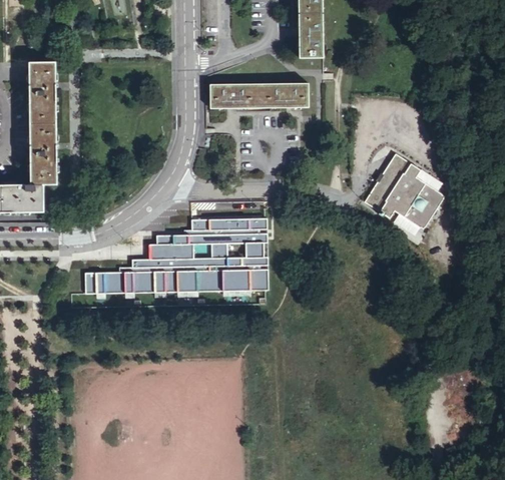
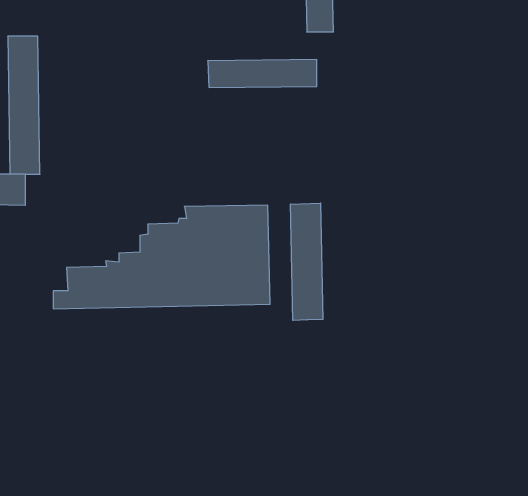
building: [363,158,447,241] -> none
building: none -> [291,203,323,320]

